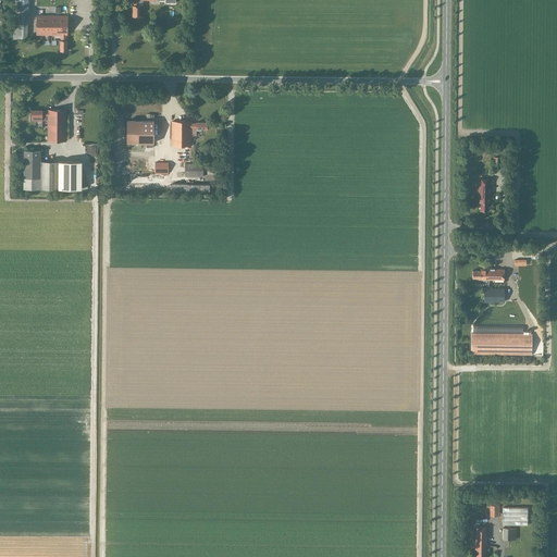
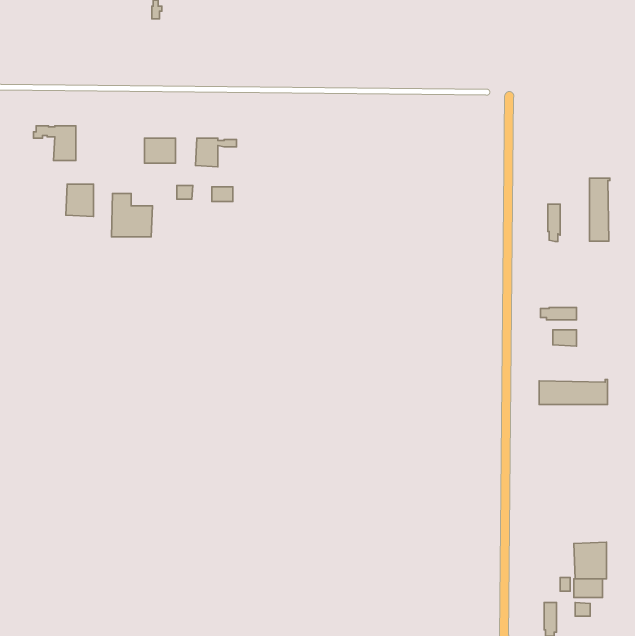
building: [37,15,69,51] -> none
building: [24,150,60,188] -> [111,193,152,237]
building: none -> [590,178,610,241]
building: none -> [574,542,606,579]

